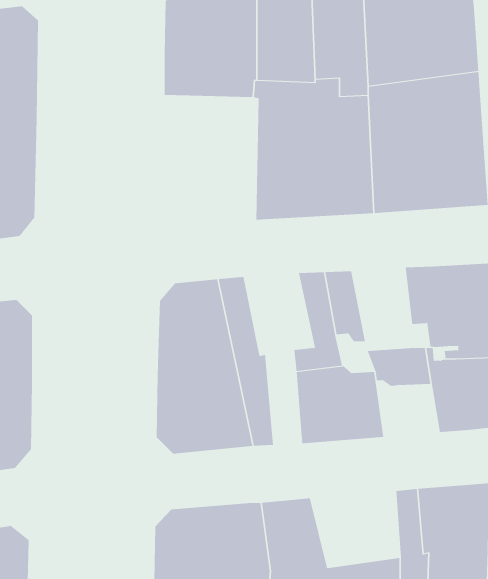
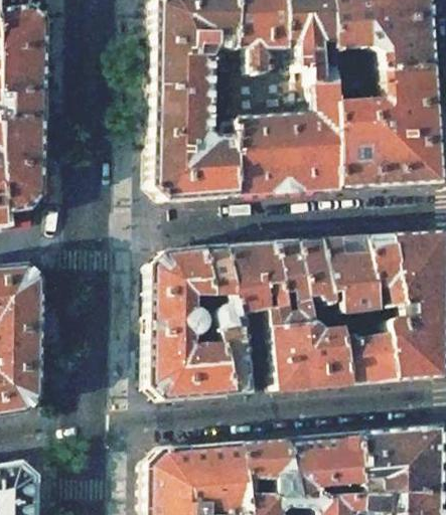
building: none -> [154,85,239,200]
building: none -> [321,236,377,310]
building: none -> [227,241,288,314]
building: none -> [342,336,398,385]
building: none -> [285,433,363,500]

